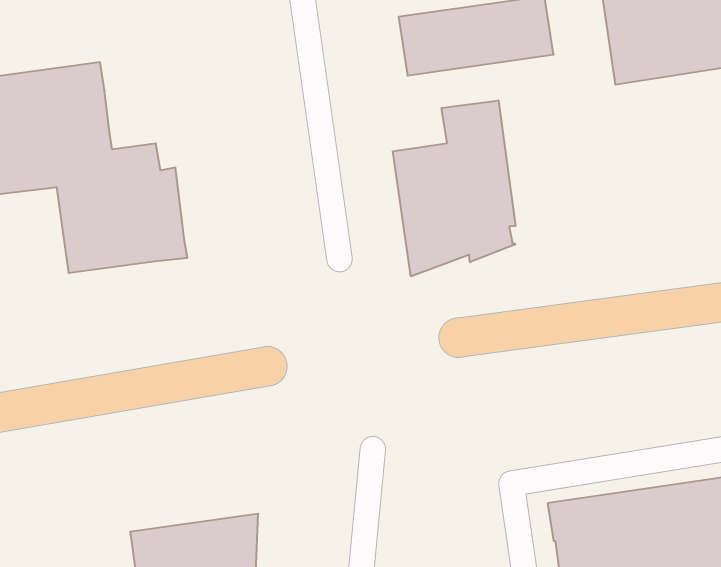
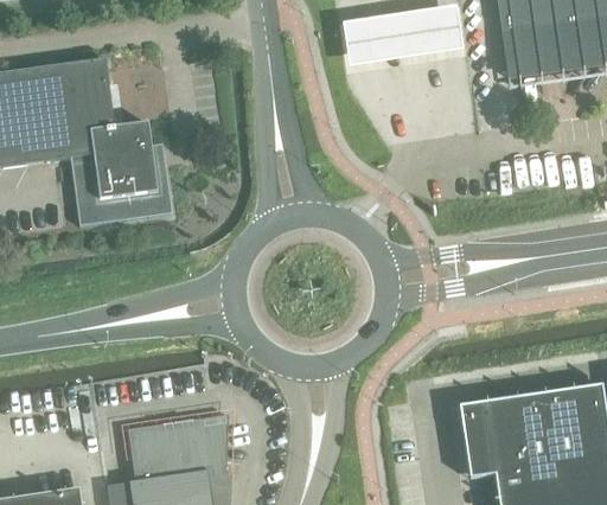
building: [393,100,515,276] -> none

